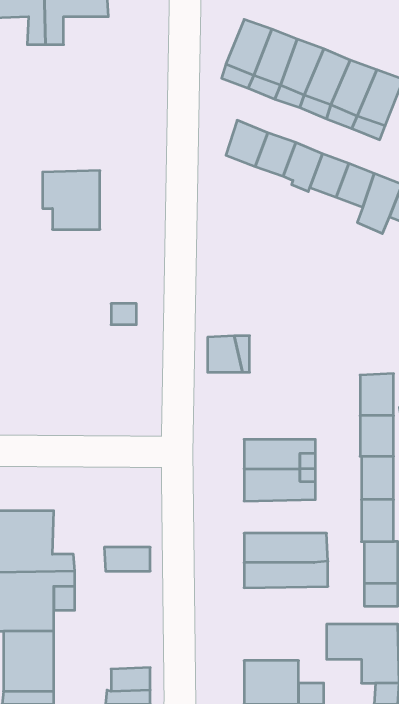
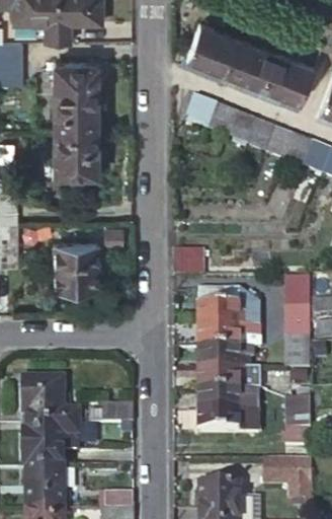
building: none -> [55,62,96,133]
building: none -> [55,241,96,291]
building: none -> [200,291,252,326]
building: none -> [200,370,262,394]

